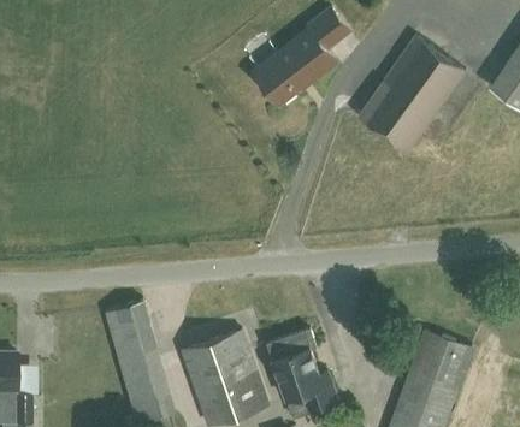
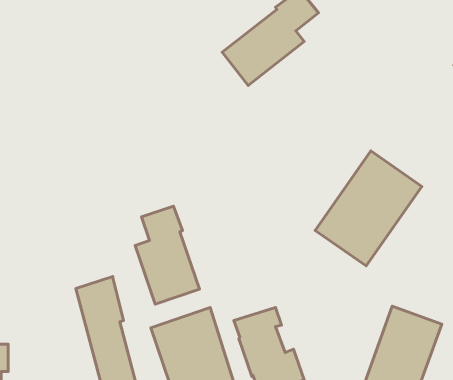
building: [359,36,467,153] -> [315,151,422,266]
building: none -> [135,206,199,304]

